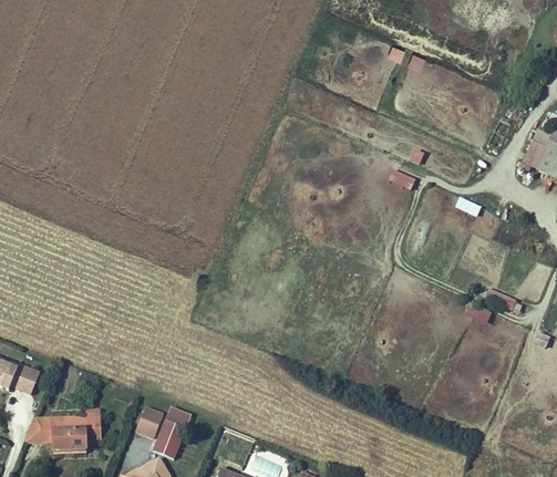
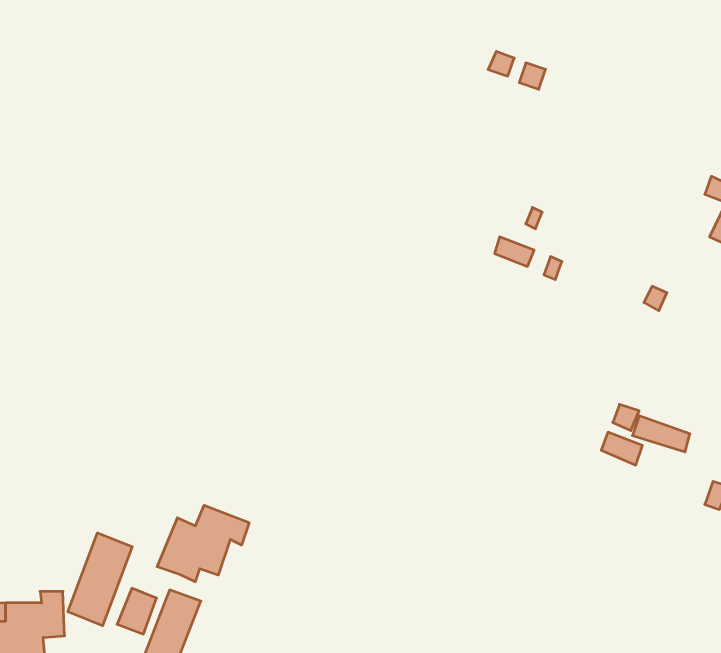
building: none -> [157,505,249,582]
building: none -> [68,533,132,626]

